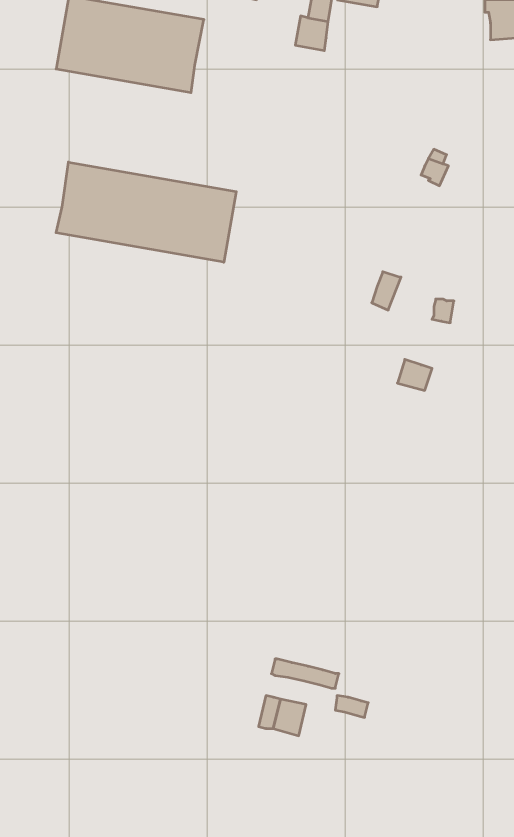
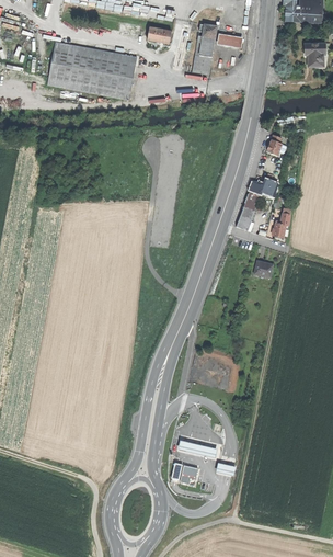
building: [56,162,236,262] -> none
building: none -> [244,179,278,209]

